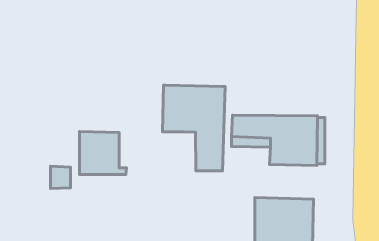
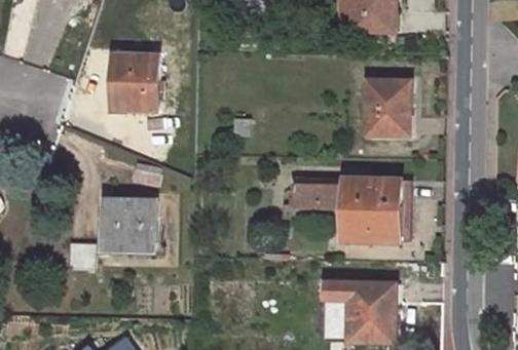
building: none -> [111,54,157,109]
building: none -> [366,79,409,132]
building: [163,85,225,171] -> none

